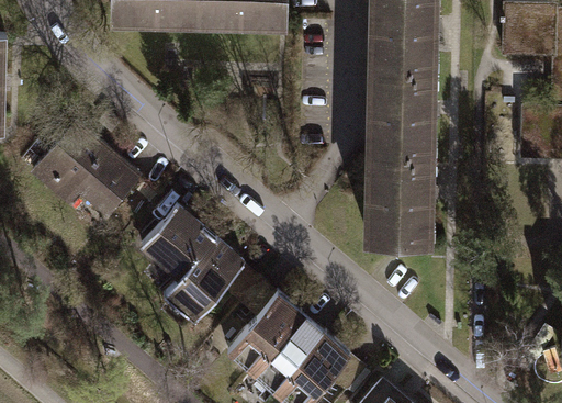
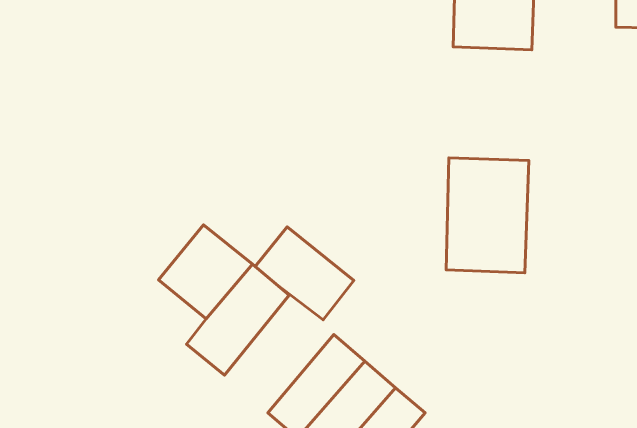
building: [369,67,434,156] -> none
building: [33,112,146,222] -> none
building: none -> [255,227,354,320]

